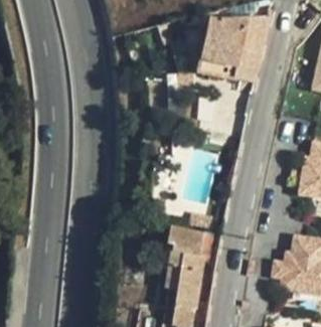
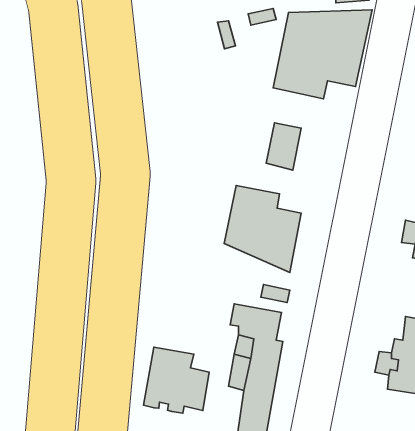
building: none -> [224,186,301,273]
building: none -> [143,347,209,413]

